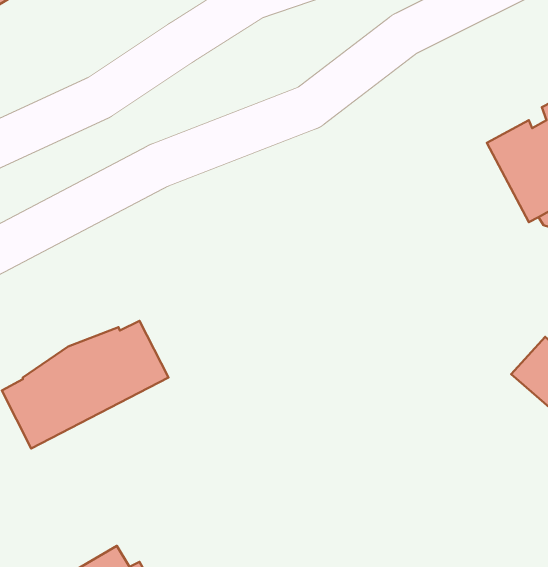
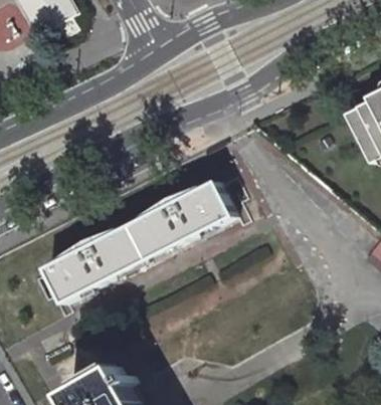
building: none -> [126,181,229,260]

